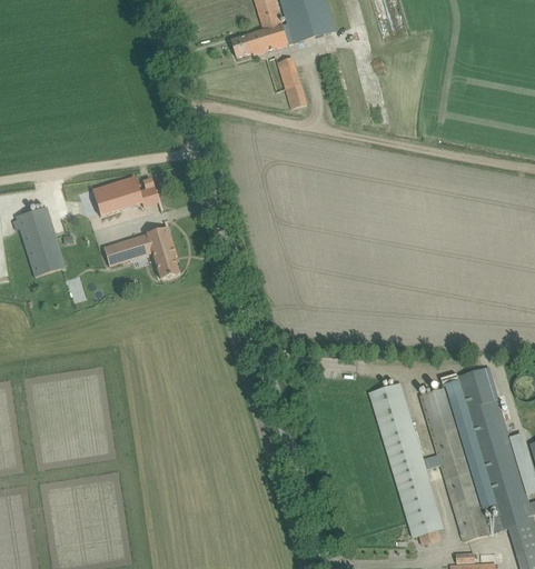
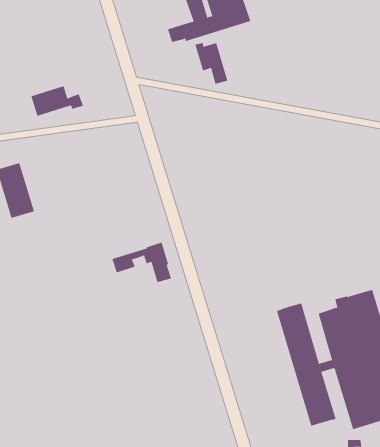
building: [92,177,159,216] -> [31,85,84,117]
building: [103,227,179,278] -> [112,242,172,283]

